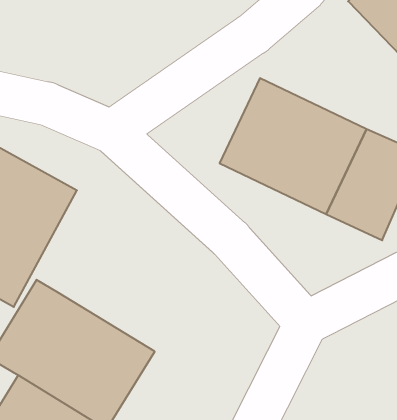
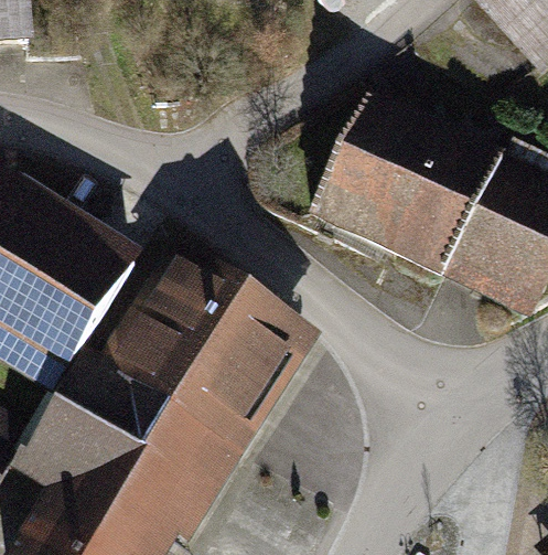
building: none -> [118,266,304,448]

